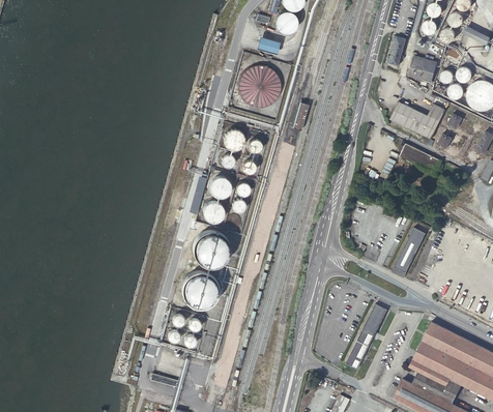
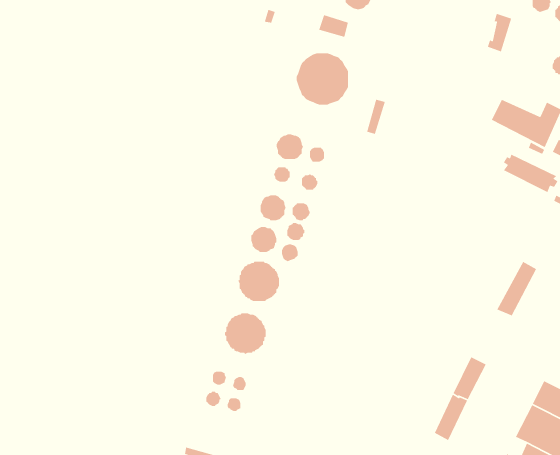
building: [404,55,436,83] -> none

